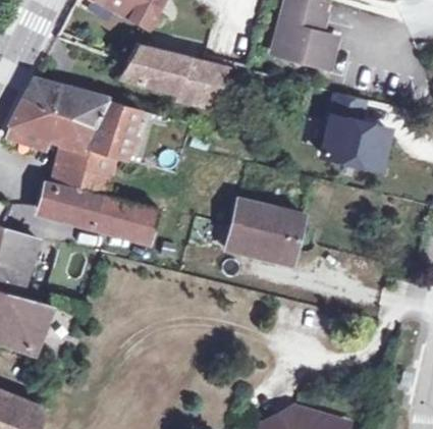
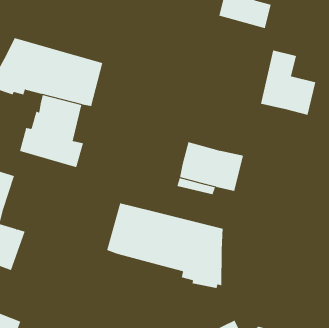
building: [119,45,225,101] -> none
building: [108,202,156,240] -> none
building: none -> [107,203,223,289]

